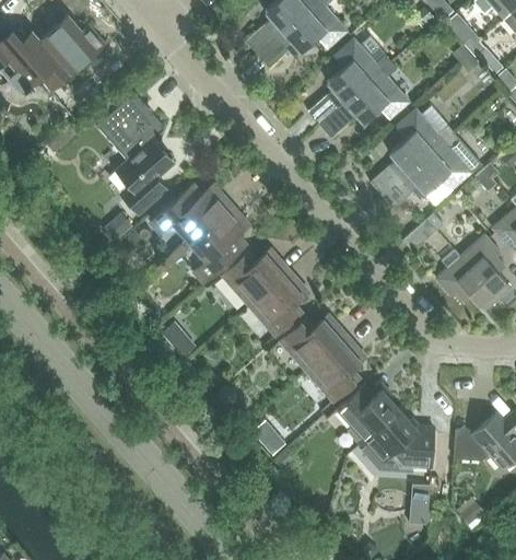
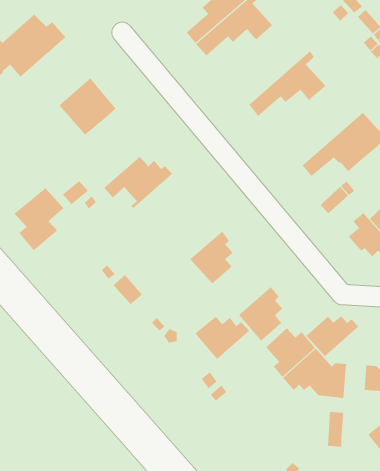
building: [307,38,391,124] -> none
building: [370,107,453,195] -> none
building: [116,139,175,213] -> [14,187,64,251]
building: [185,205,246,282] -> none
building: [223,253,289,304] -> none
building: [281,318,345,370] -> [195,316,250,360]
building: none -> [306,315,359,357]

